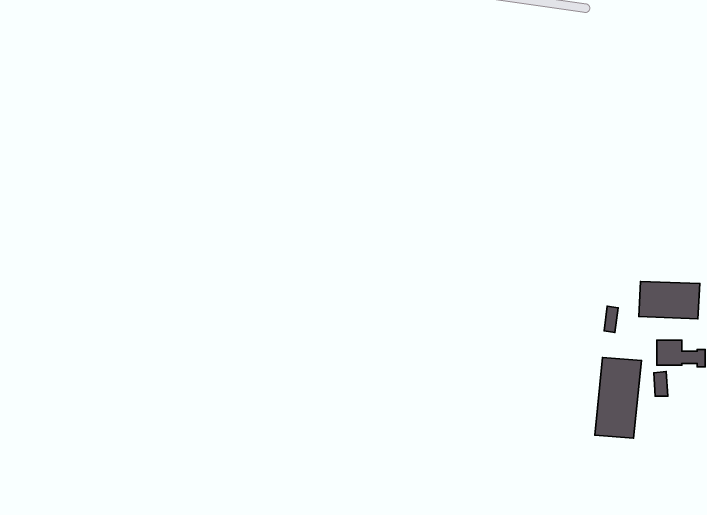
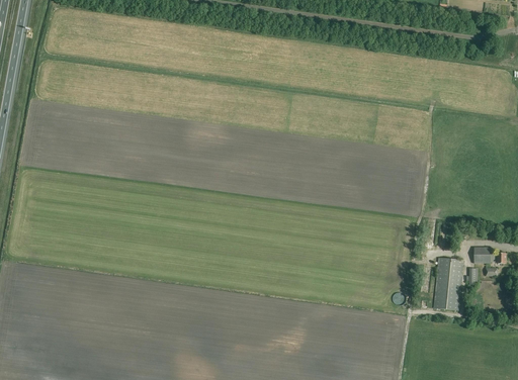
building: [639,281,700,319] -> none

